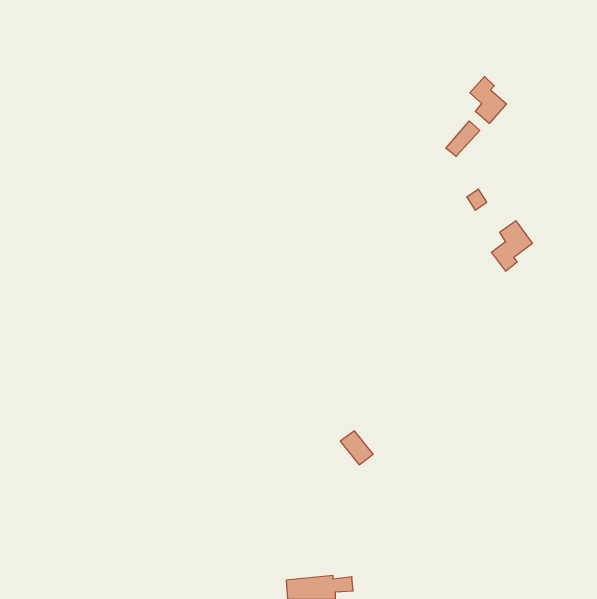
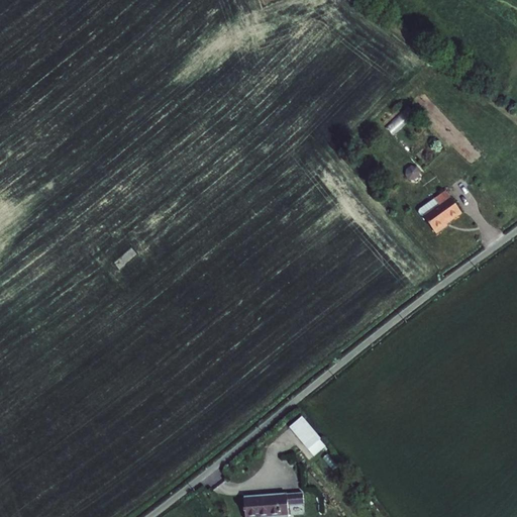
building: [470,76,506,123] -> none
building: [340,431,373,465] -> [291,417,319,446]

